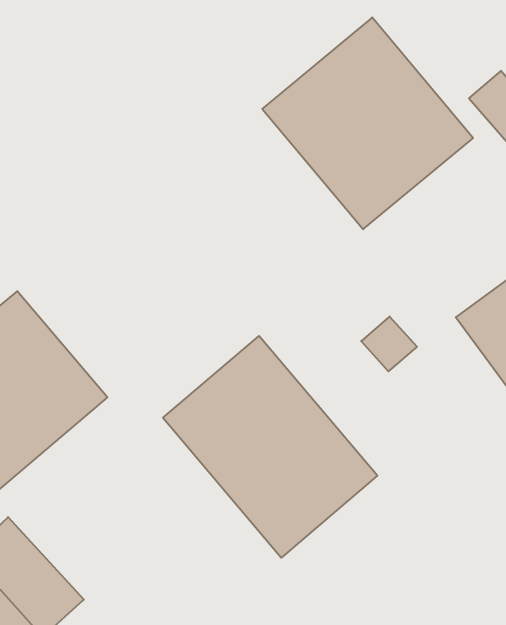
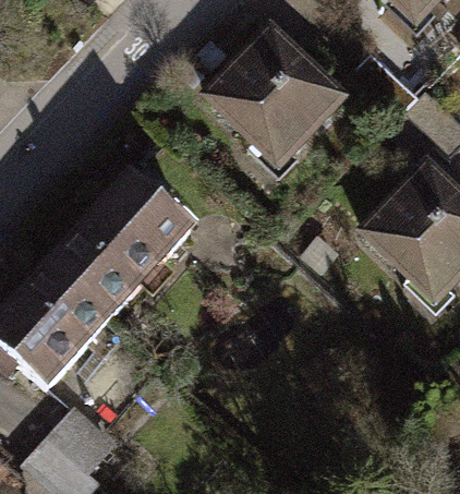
building: none -> [51,166,198,313]
building: [163,336,377,558] -> none

